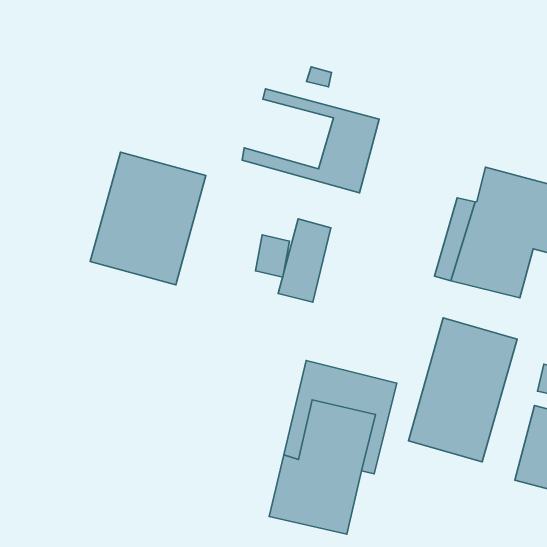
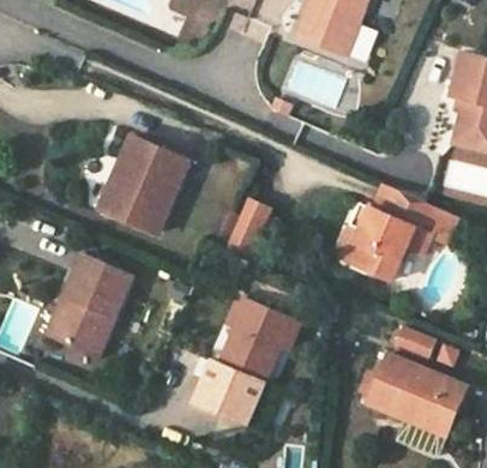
building: [242,89,379,193] -> none
building: [409,318,517,462] -> none
building: none -> [48,256,132,356]

